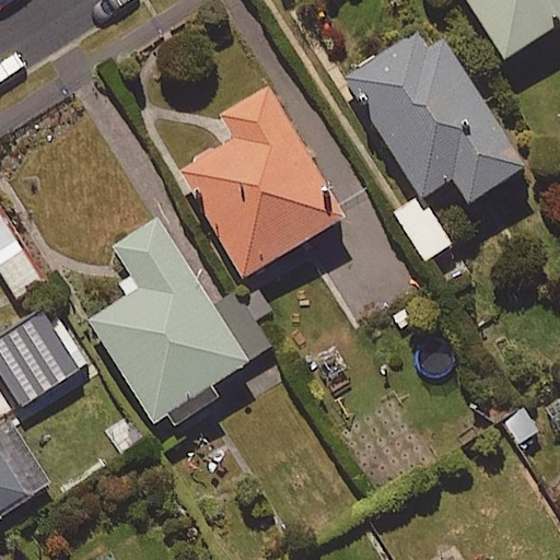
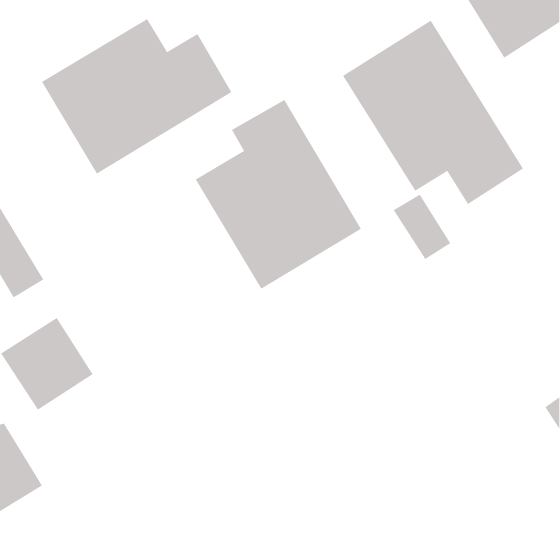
building: none -> [41,18,232,174]
building: [85,218,271,434] -> none

